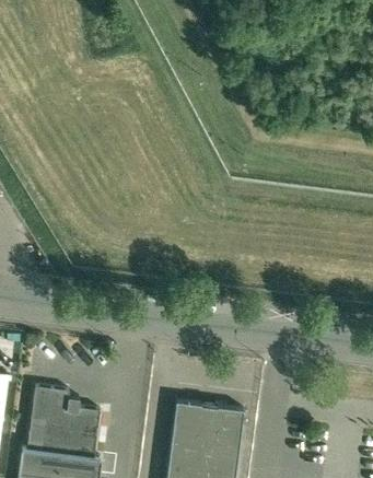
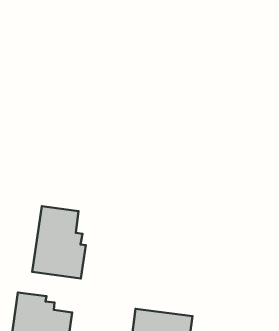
building: none -> [32,206,86,279]

